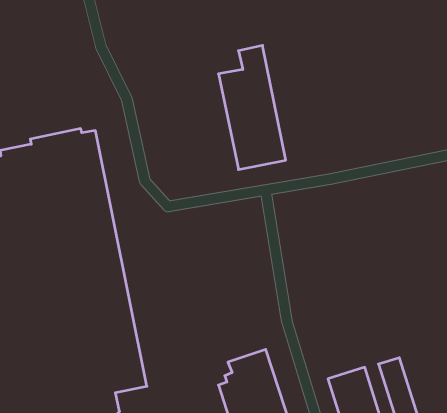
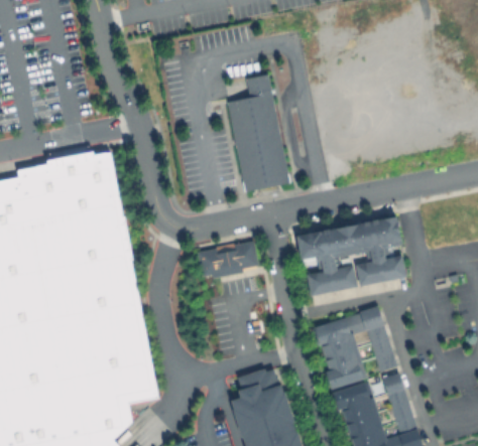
building: none -> [297,213,407,300]
building: none -> [199,241,260,279]
building: none -> [312,306,395,386]

